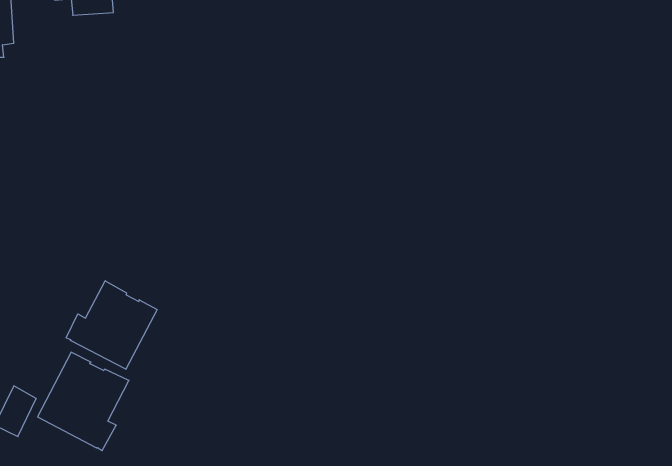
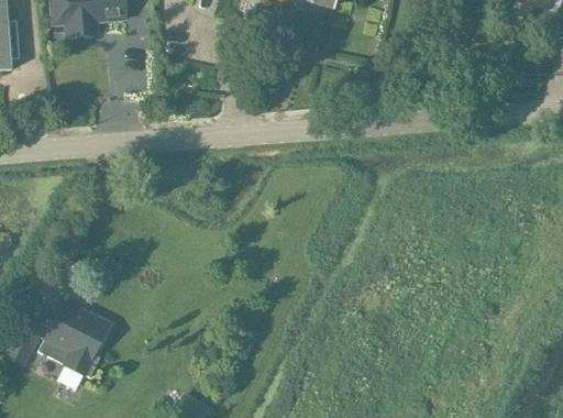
building: [66,281,157,369] -> none

